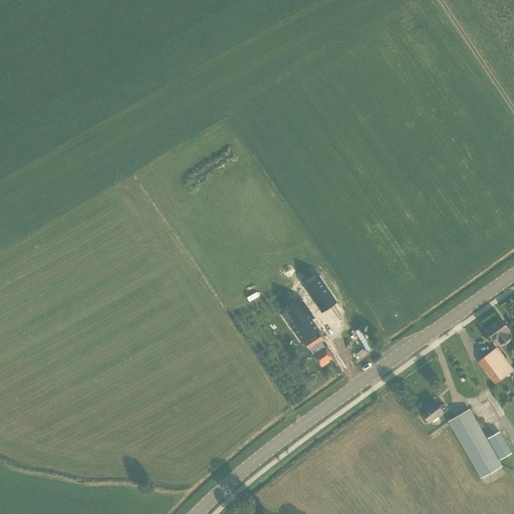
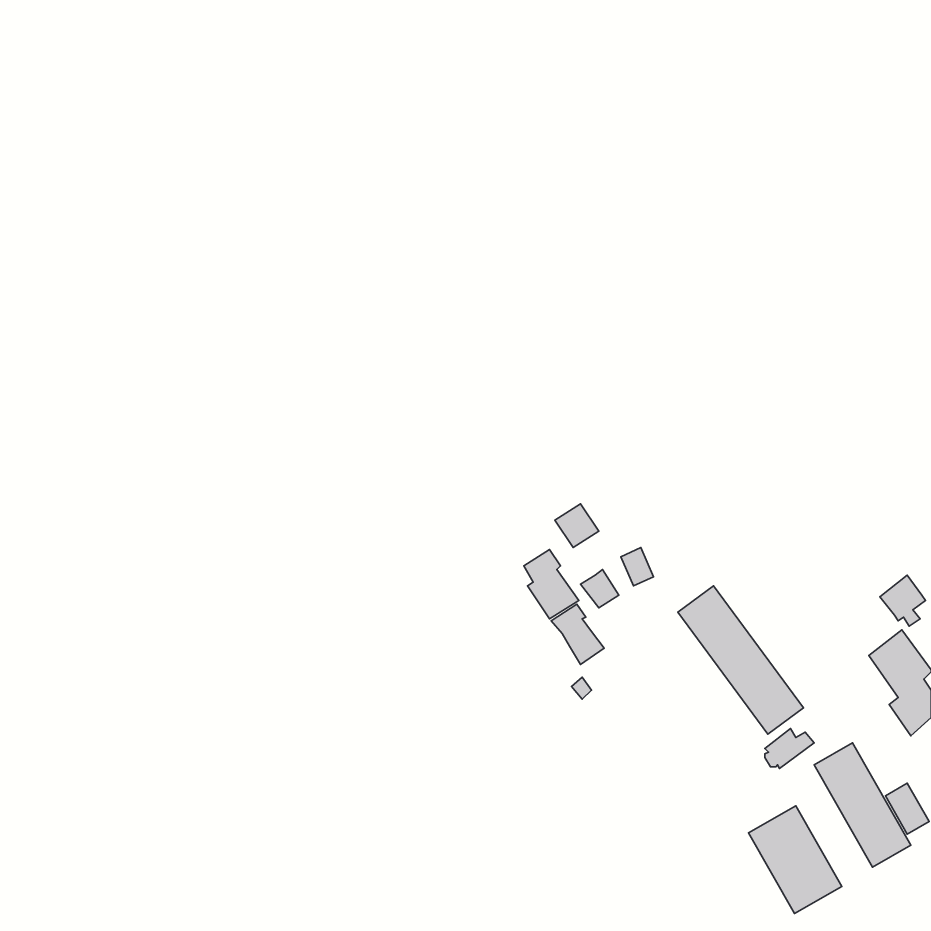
building: none -> [678,586,803,734]
building: none -> [748,806,842,913]

